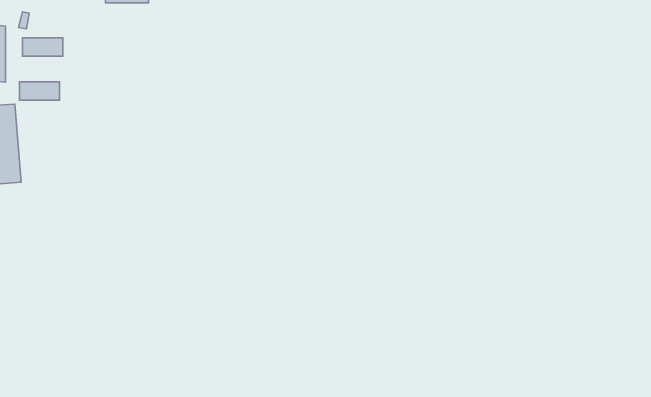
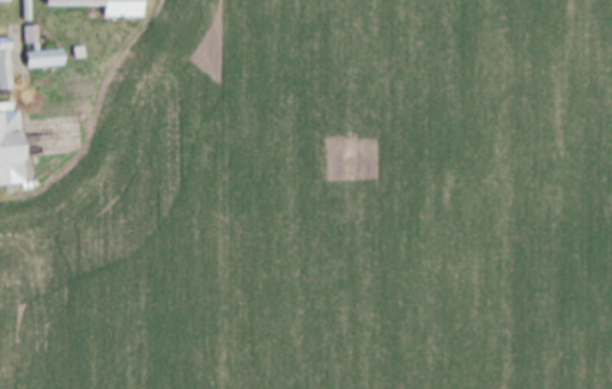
building: [19,82,60,100] -> none

